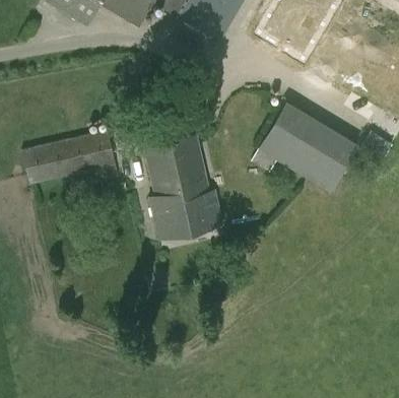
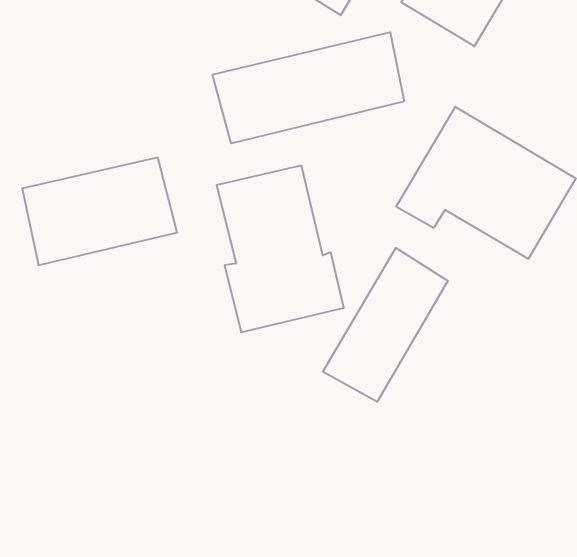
building: none -> [213,32,404,143]
building: none -> [323,248,448,402]

